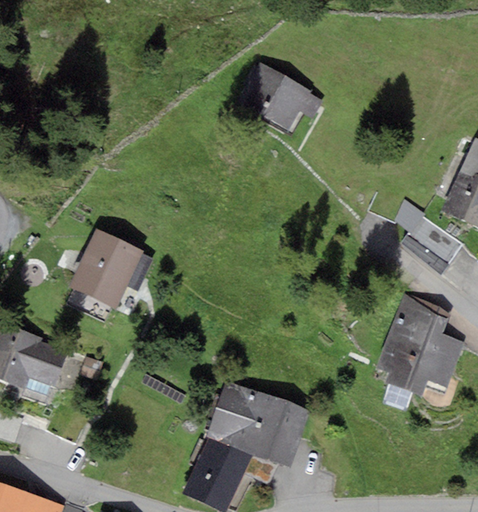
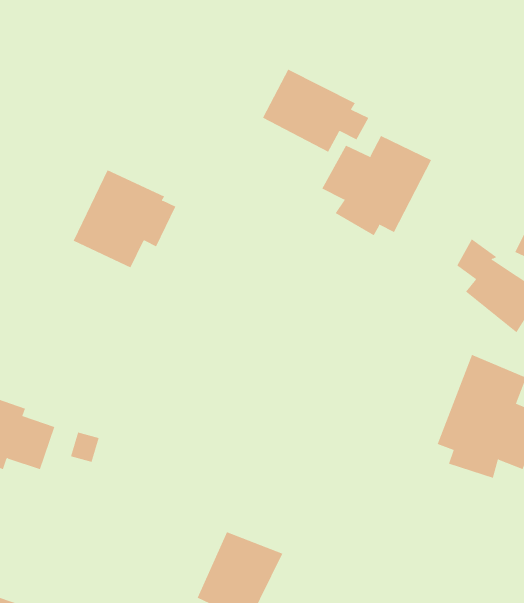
building: none -> [322,135,432,236]
building: [68,229,152,309] -> [73,170,176,268]
building: [206,381,309,467] -> none

